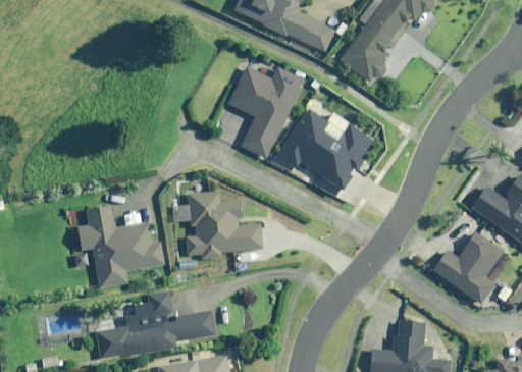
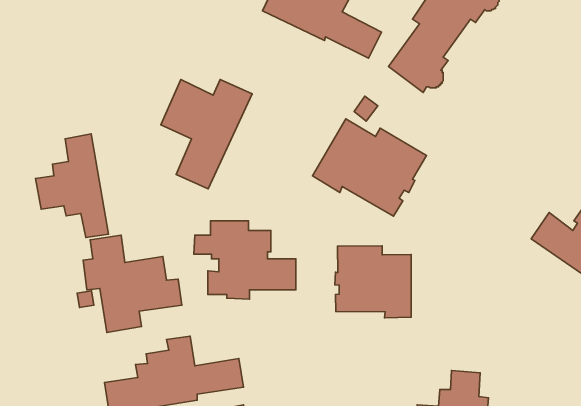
building: [228,65,307,159] -> [161,80,252,189]
building: none -> [36,134,109,237]
building: none -> [335,246,411,318]
building: [426,232,500,304] -> none

